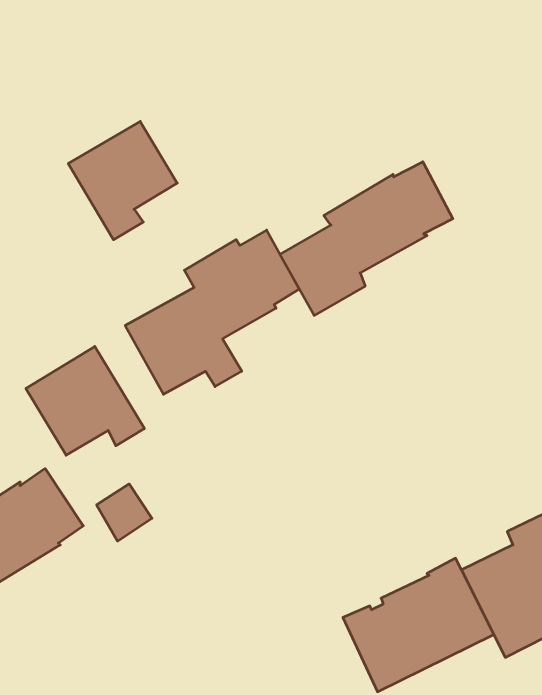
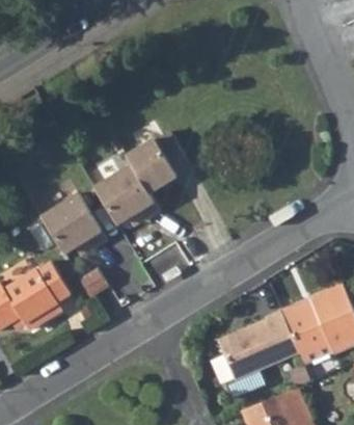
building: [68,121,177,240] -> none
building: [280,162,453,315] -> none

